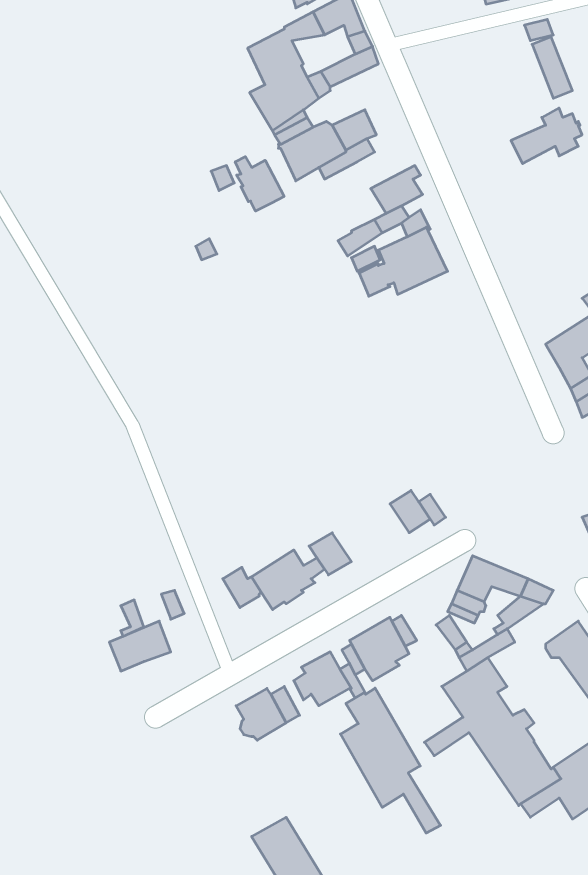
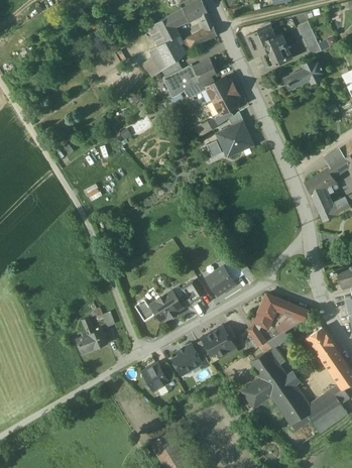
building: none -> [245,25,290,68]
building: none -> [205,77,235,101]
building: [235,157,284,211] -> none
building: none -> [206,266,233,295]
building: [340,688,441,833] -> none

